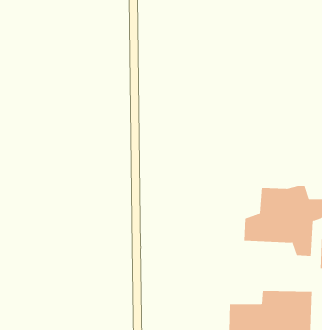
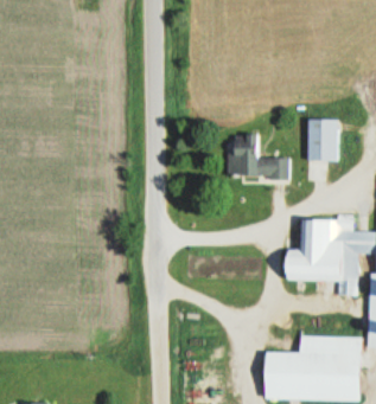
building: none -> [307,117,337,160]
building: none -> [230,134,291,177]

